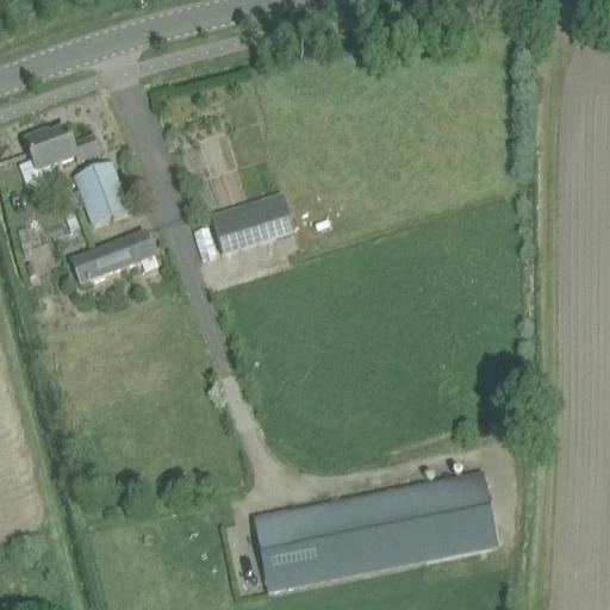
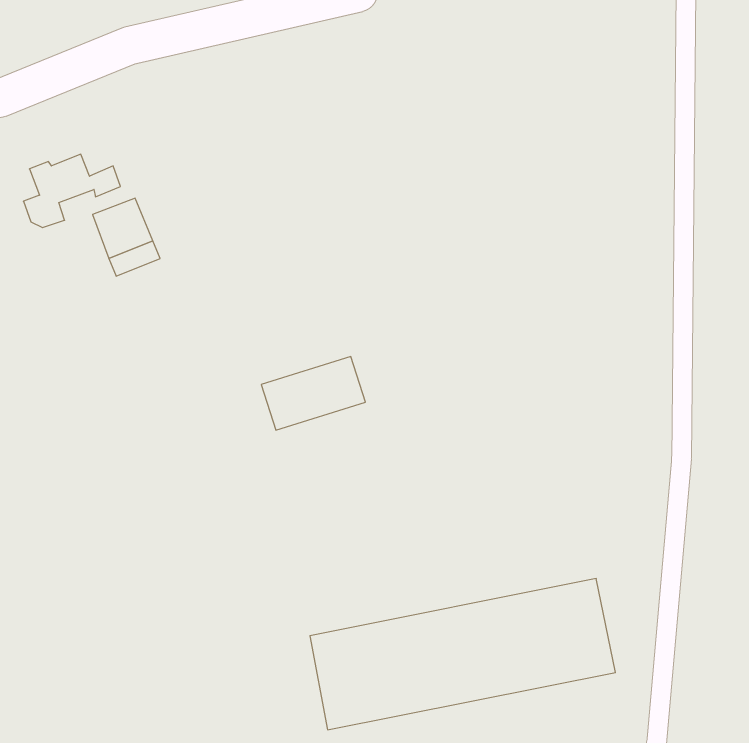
building: [210,192,294,251] -> [261,357,365,430]
building: [70,230,154,282] -> none

